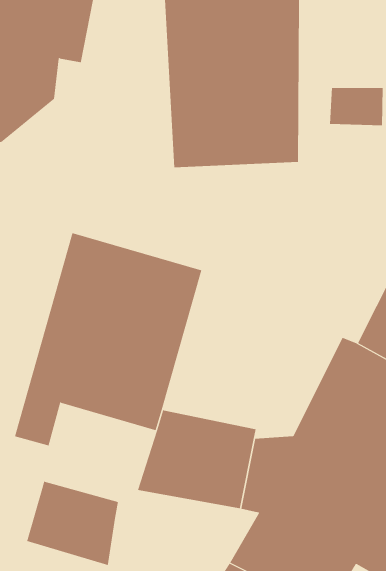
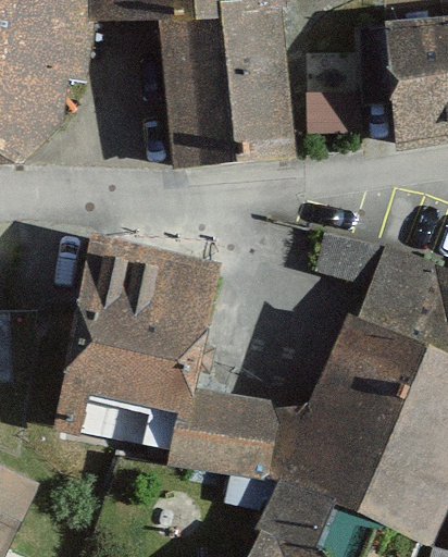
building: [27,481,119,566] -> none

